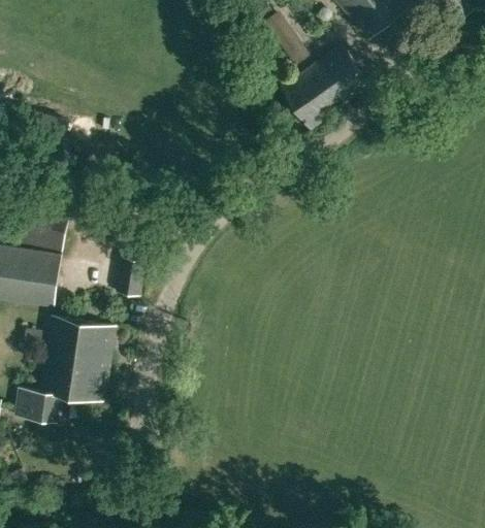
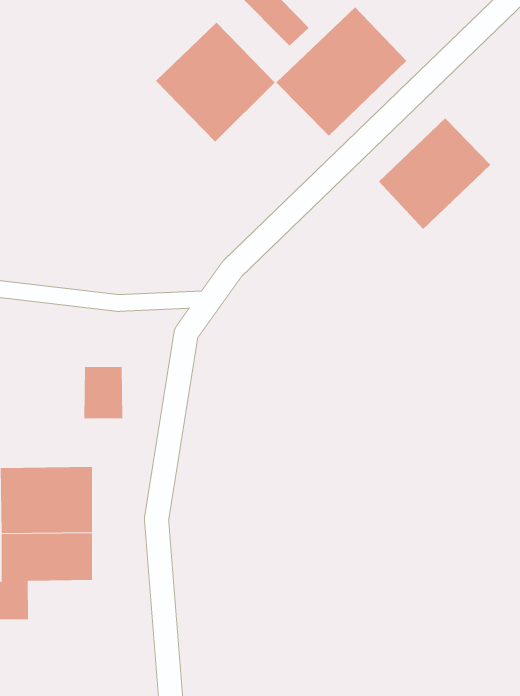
building: none -> [155,22,276,142]
building: none -> [378,118,491,230]

